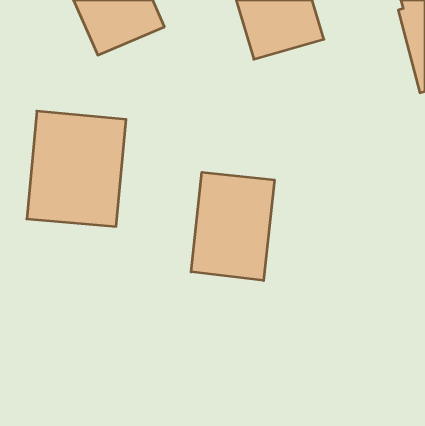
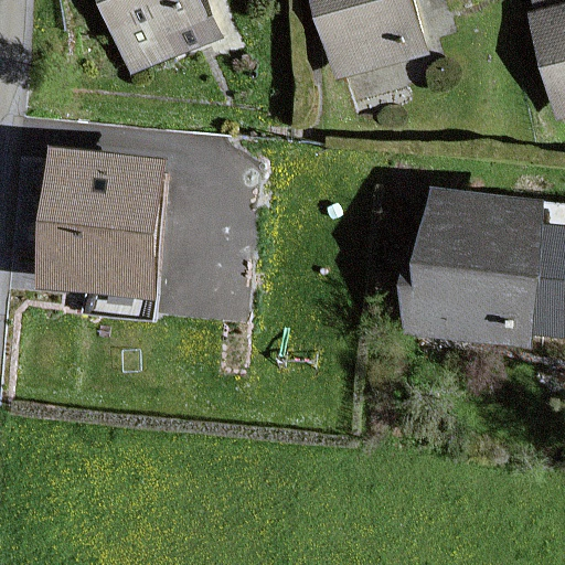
building: none -> [408,183,557,345]
building: [191,172,274,281] -> none

